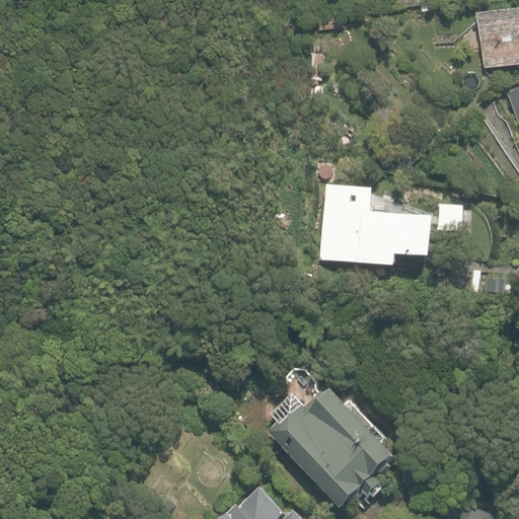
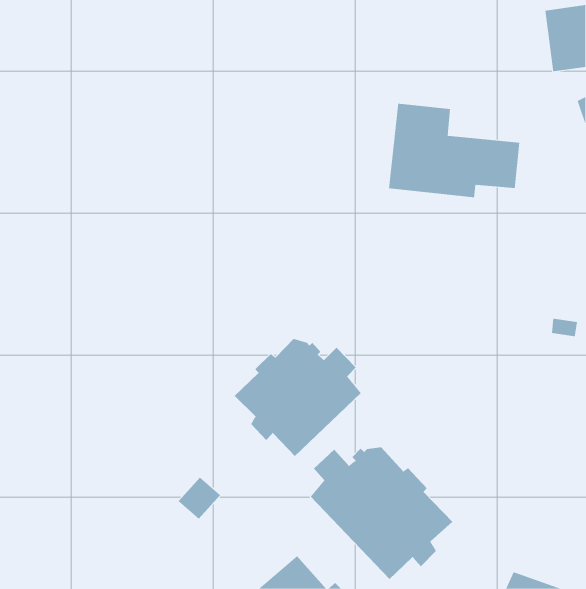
building: [318,186,434,269] -> [388,103,520,198]
building: none -> [234,338,361,457]

